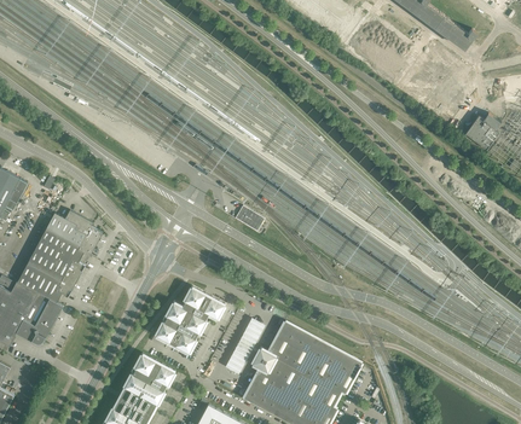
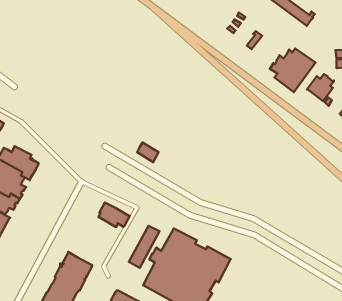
building: none -> [270,48,316,92]
building: [155,302,207,354] -> none

